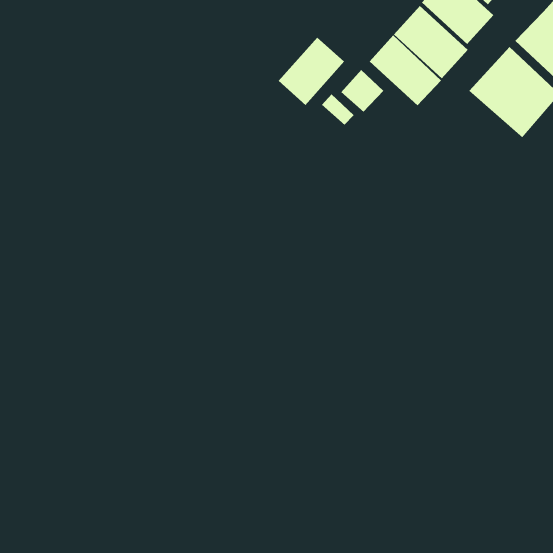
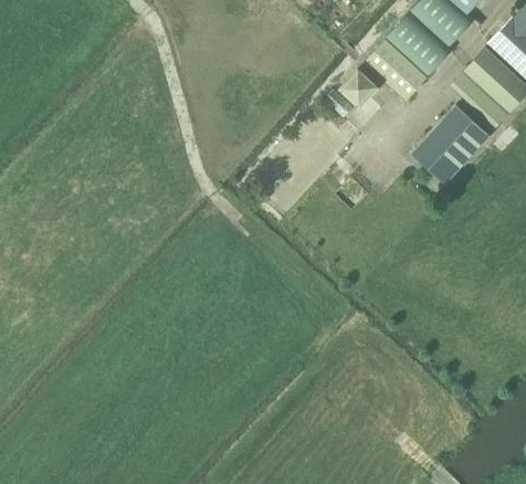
building: [278,37,345,106] -> none
building: none -> [412,103,492,182]

